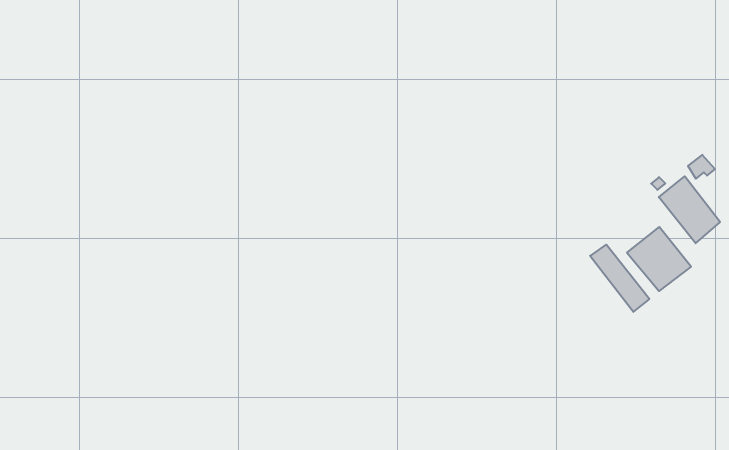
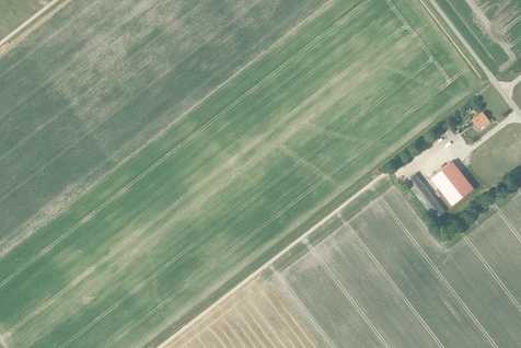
building: [659,176,720,243] -> none

